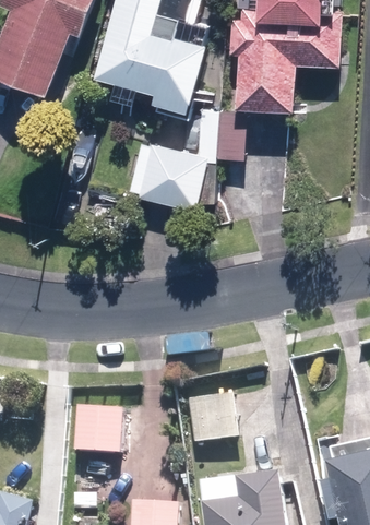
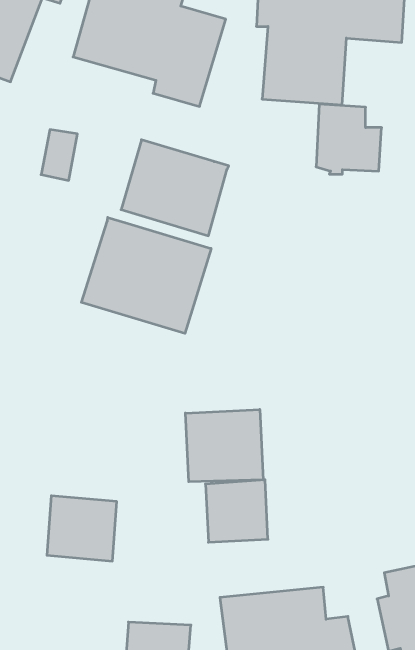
building: [198,108,247,160] -> [316,104,382,174]
building: none -> [81,217,211,333]
building: none -> [185,409,263,482]

